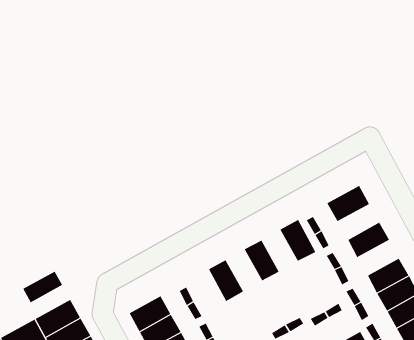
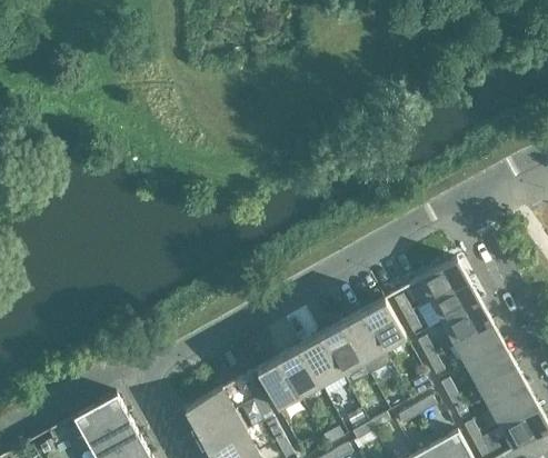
building: none -> [430,281,480,323]
building: none -> [341,311,383,361]
building: none -> [454,323,504,366]
building: none -> [299,335,341,385]
building: none -> [256,358,299,408]
building: [22,271,63,303] -> none

